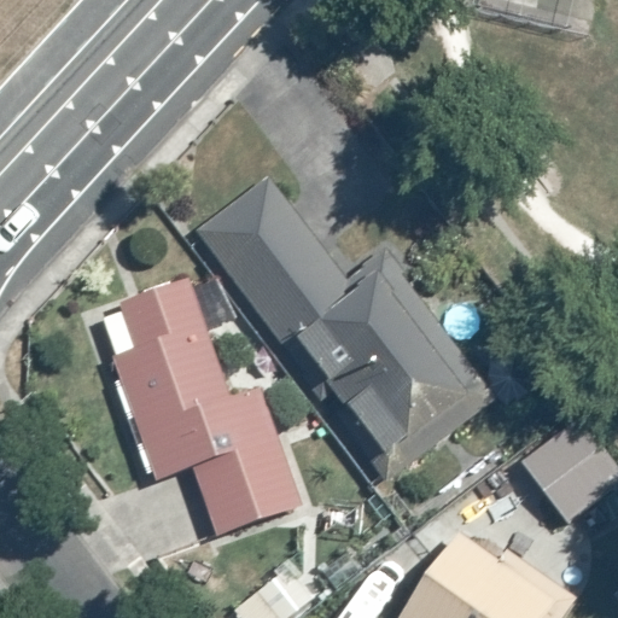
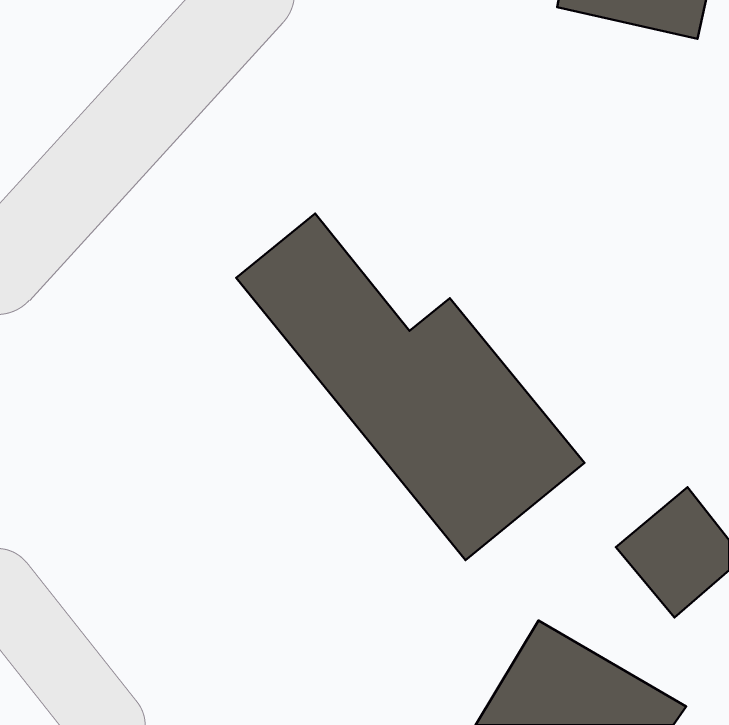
building: [99,291,308,541] -> none

